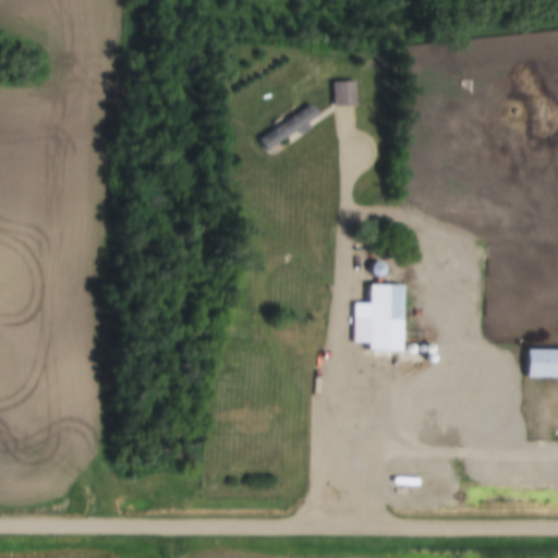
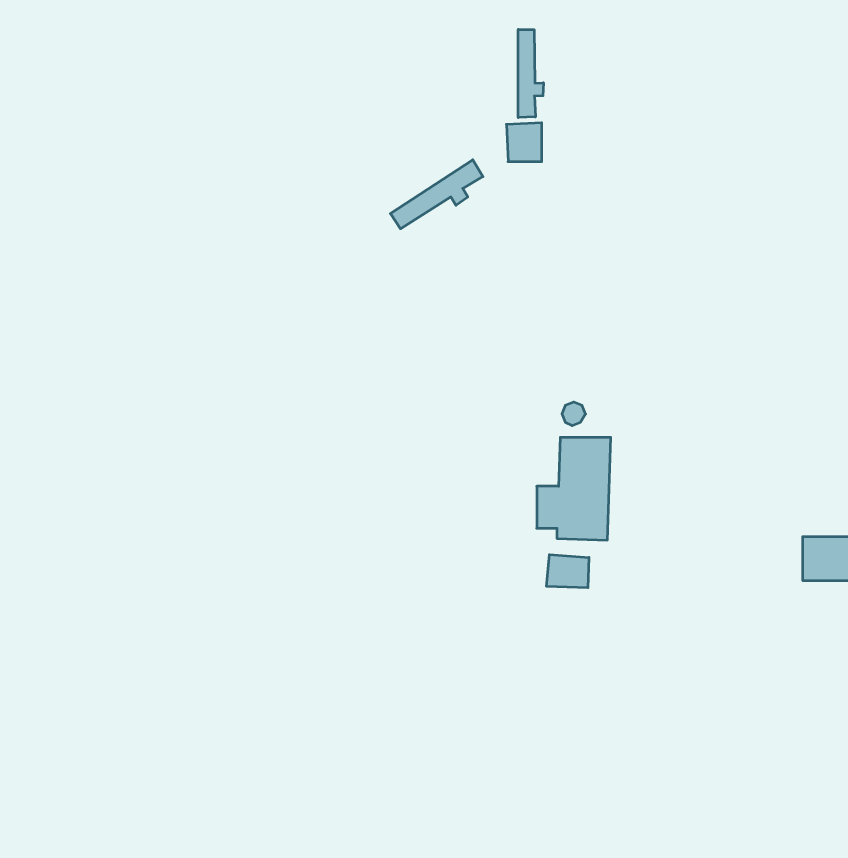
building: none -> [518,29,543,118]
building: none -> [547,555,589,588]

